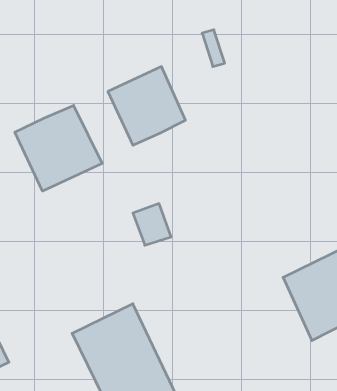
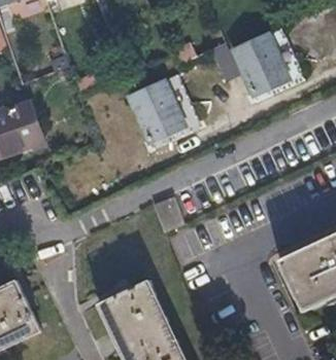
building: none -> [233,28,299,95]
building: [15,105,102,191] -> none

